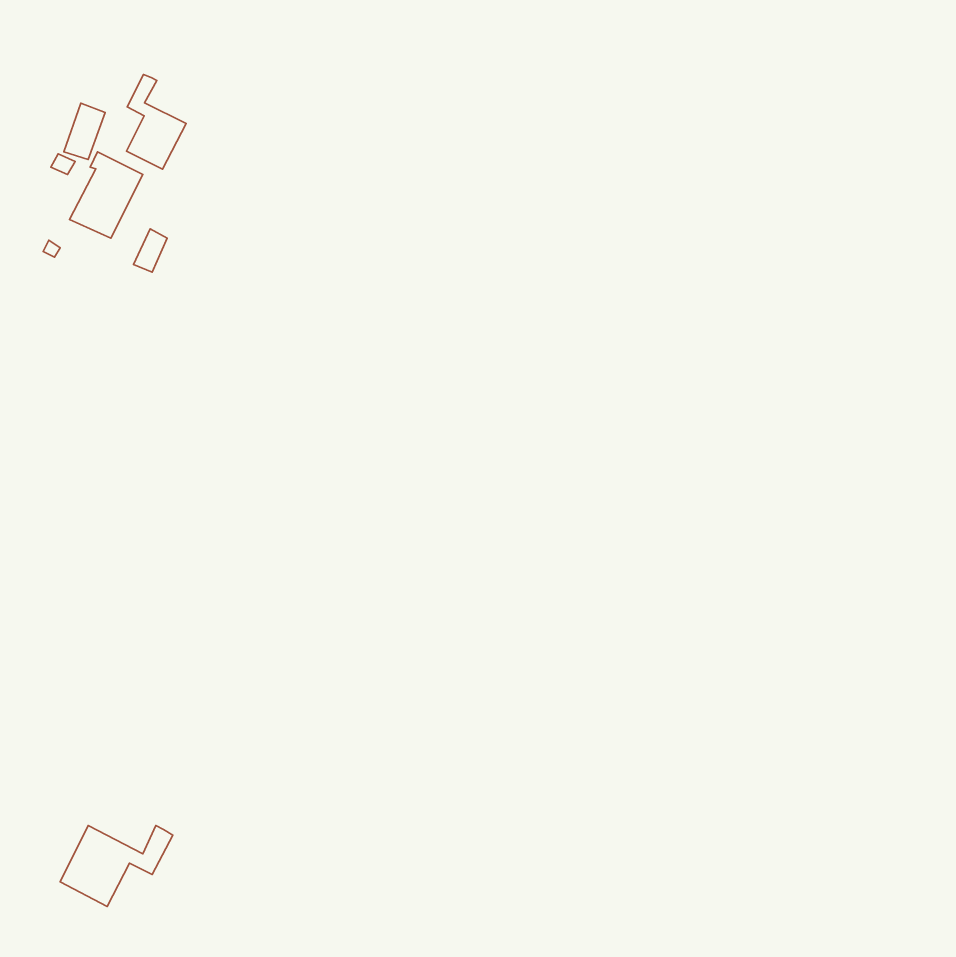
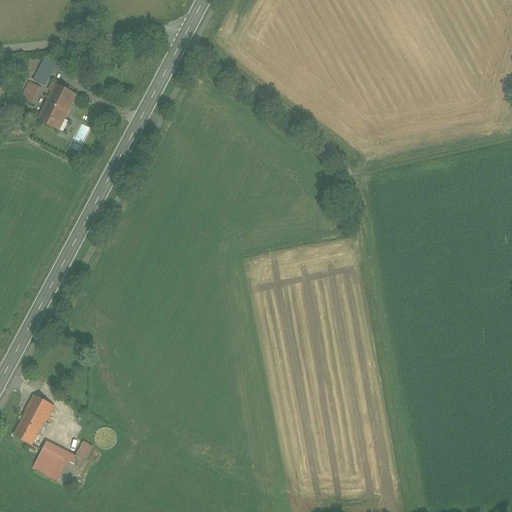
building: [126,74,186,169] -> none
building: none -> [12,394,54,444]

